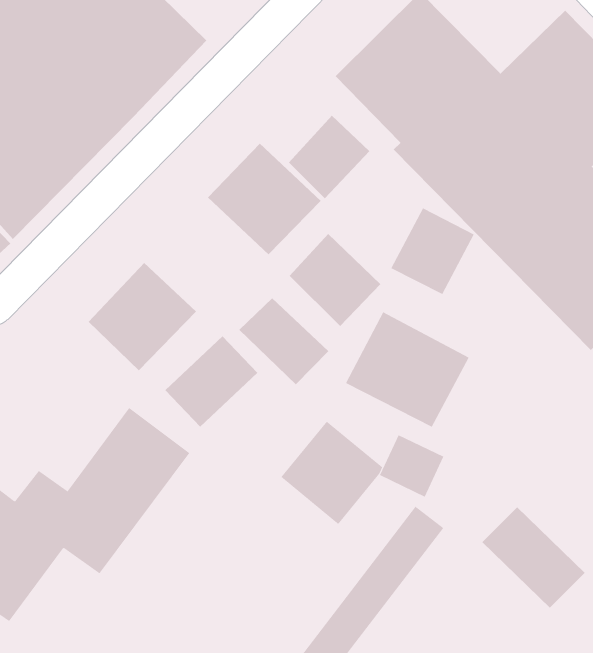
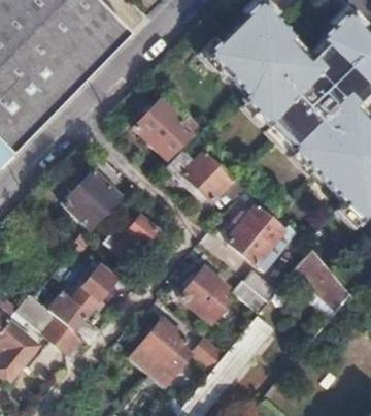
building: [288,115,370,199] -> none
building: [390,208,475,295] -> none
building: [238,297,329,385] -> none
building: [481,506,585,609] -> [290,252,352,314]
building: none -> [128,317,224,391]

